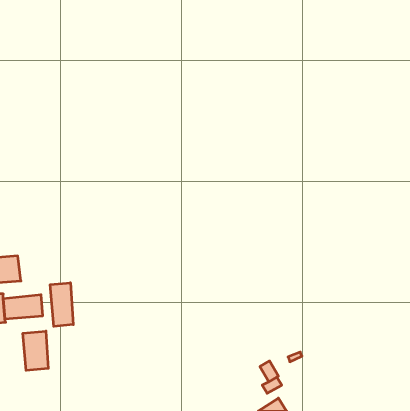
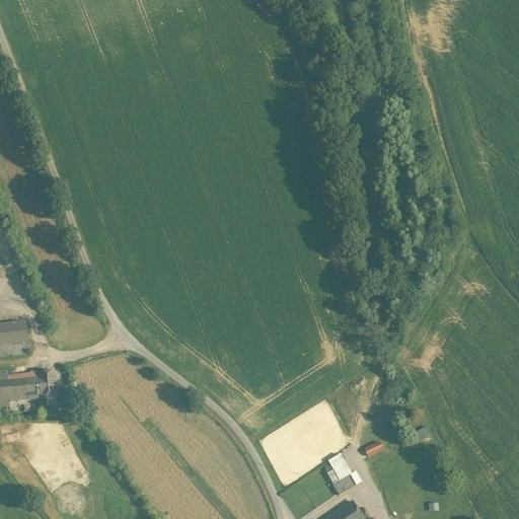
building: [50,283,73,326] -> none
building: [23,331,48,370] -> none

